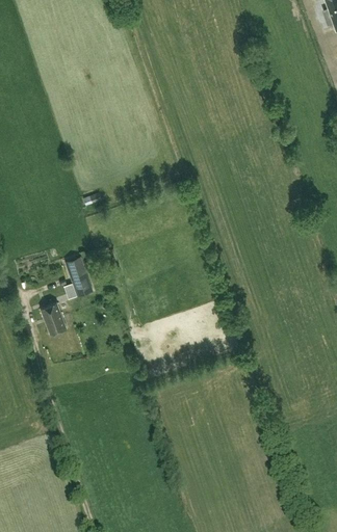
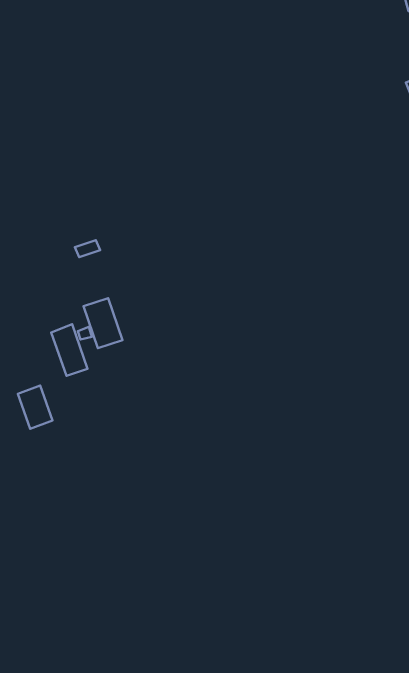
building: none -> [83,298,122,348]

